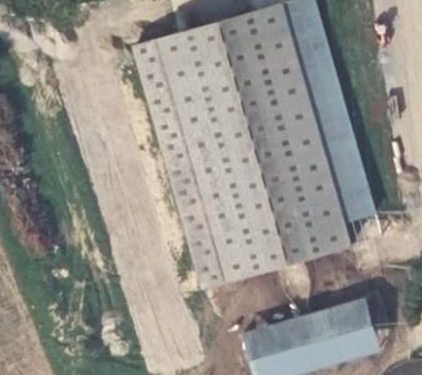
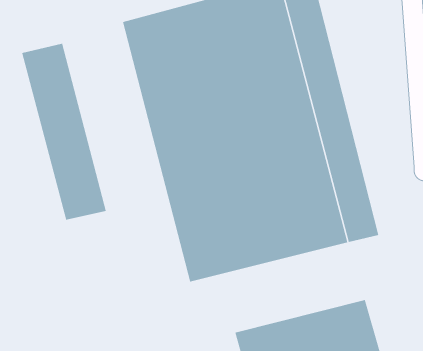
building: none -> [21,43,106,220]

